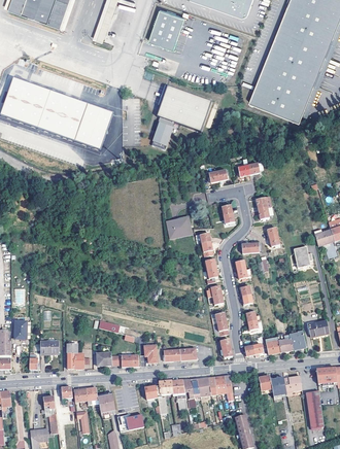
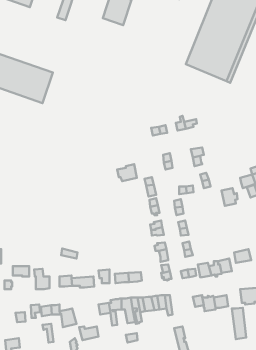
building: [151,87,211,149] -> none
building: [76,106,114,152] -> none

